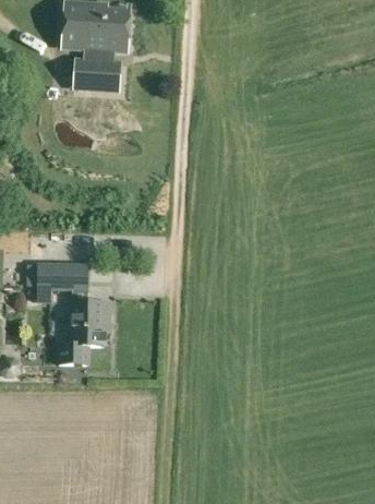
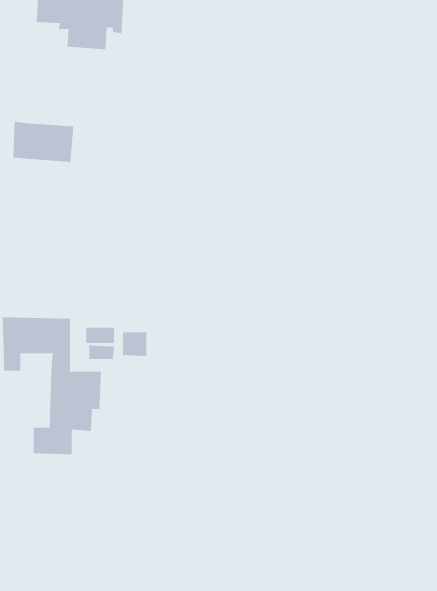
building: [73,59,119,89] -> [12,121,74,162]

